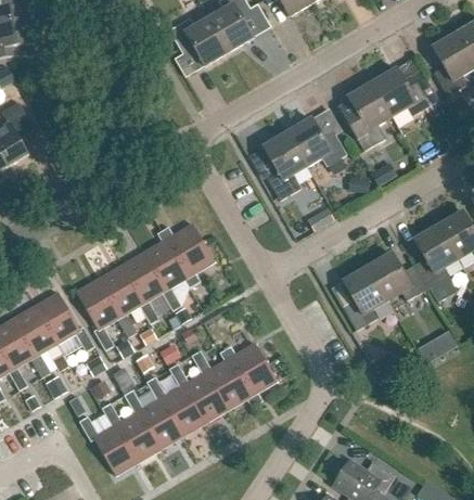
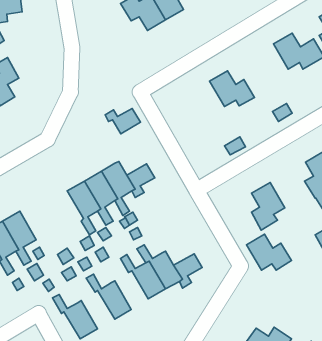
building: [338,82,392,150] -> none
building: [264,132,307,200] -> none
building: [157,223,204,257] -> [105,108,140,134]
building: [368,253,427,300] -> [247,234,292,270]
building: [76,278,120,349] -> none
building: [36,292,94,350] -> none
building: [219,342,267,376] -> none
building: [146,375,206,435] -> none
building: [102,401,162,461] -> none

